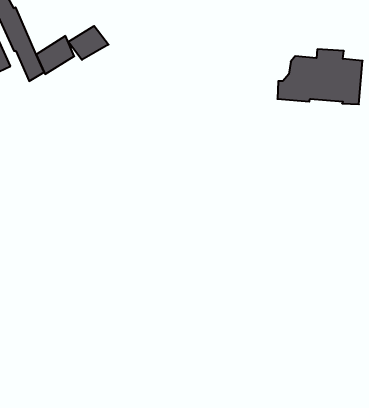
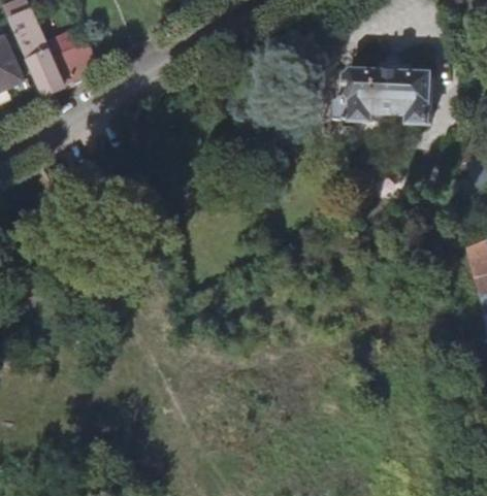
building: [68,26,109,60] -> none

